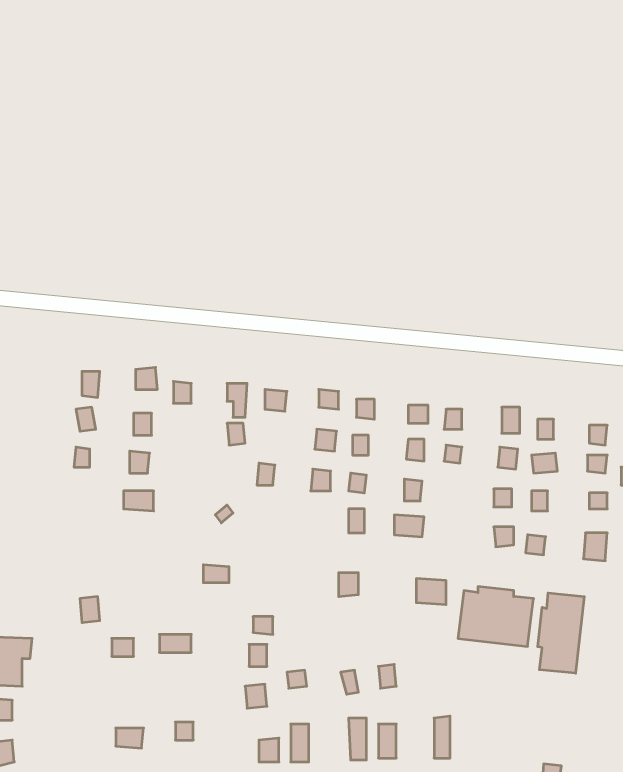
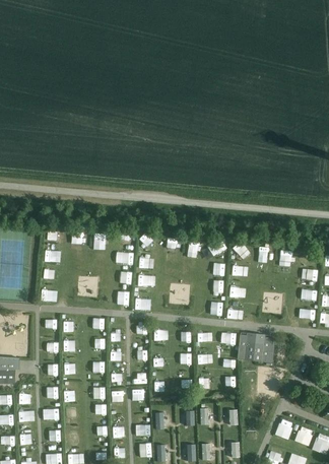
building: [538,593,584,673] -> none

